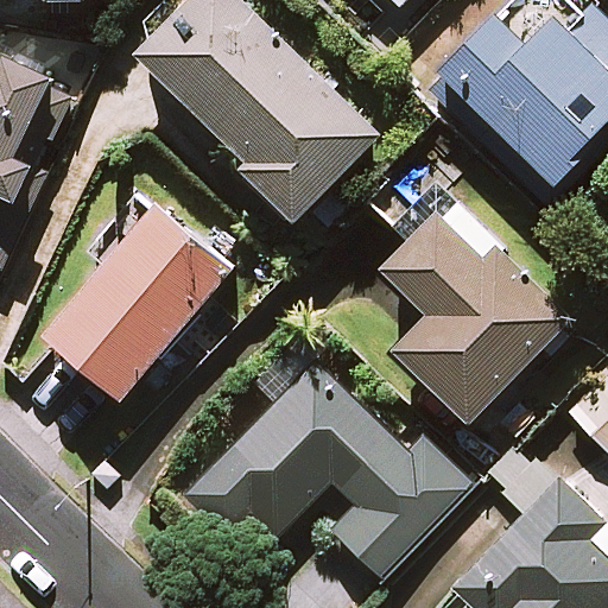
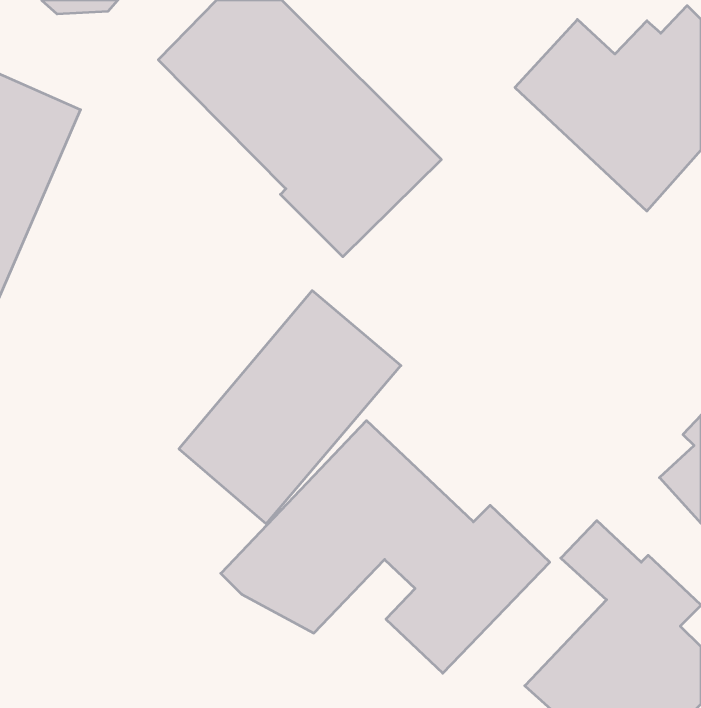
building: [365,160,564,419] -> none
building: [46,200,236,399] -> [179,291,401,524]

